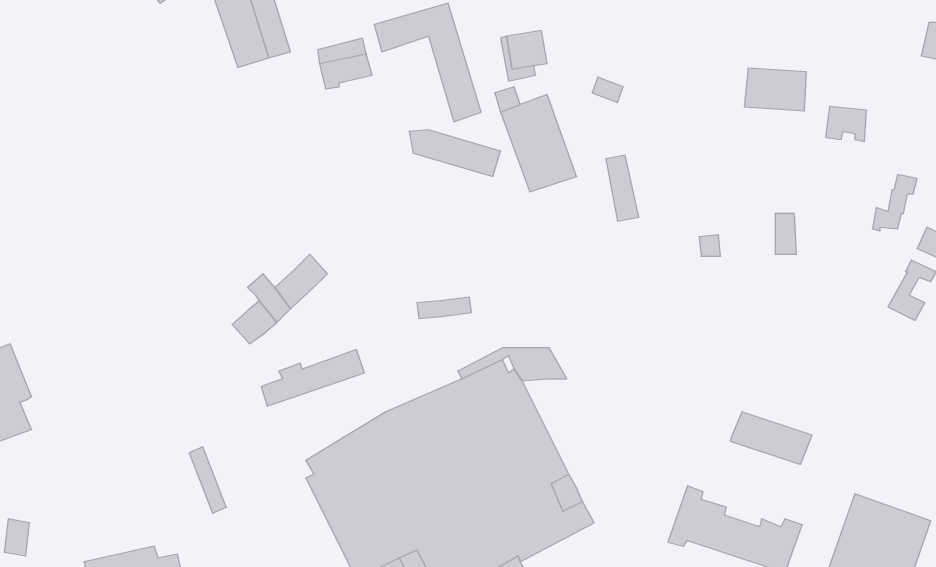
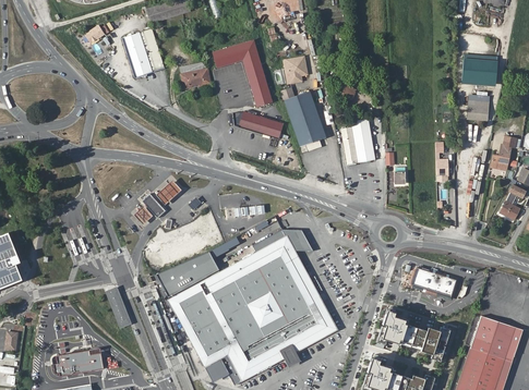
building: [744,68,806,111] -> [462,58,497,82]
building: none -> [352,117,376,160]
building: none -> [158,251,219,298]

